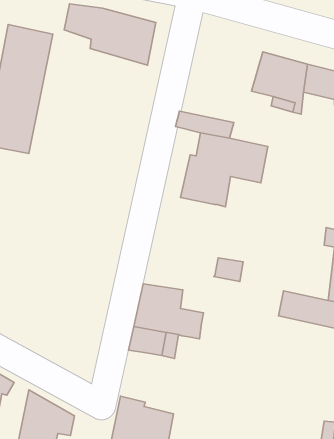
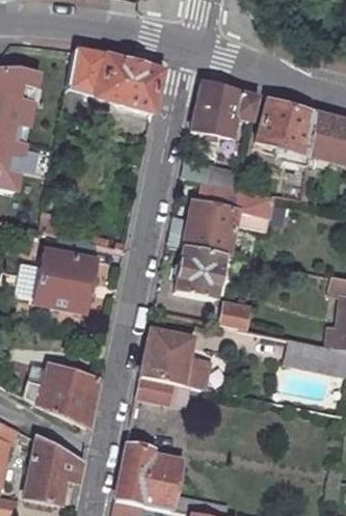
building: none -> [192,82,254,138]
building: none -> [27,244,101,316]
building: none -> [177,244,223,298]
building: none -> [24,364,99,427]

